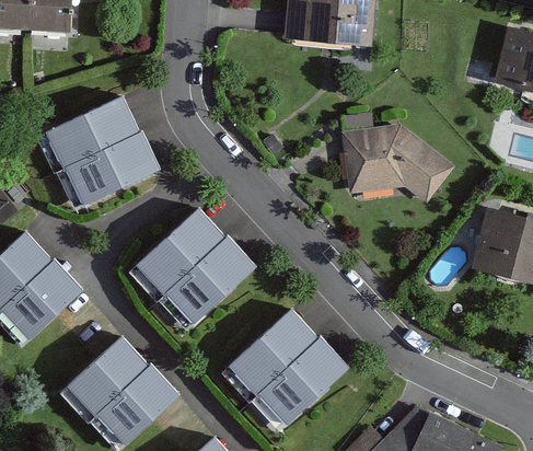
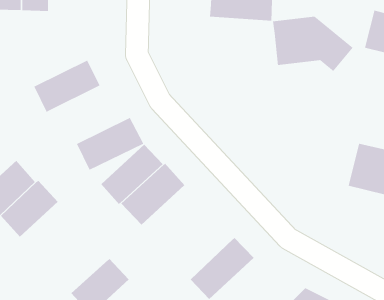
building: [343,125,453,200] -> [272,16,354,72]
building: [67,130,159,203] -> [76,117,144,170]
building: [230,310,317,395] -> none
building: [69,337,148,415] -> none

